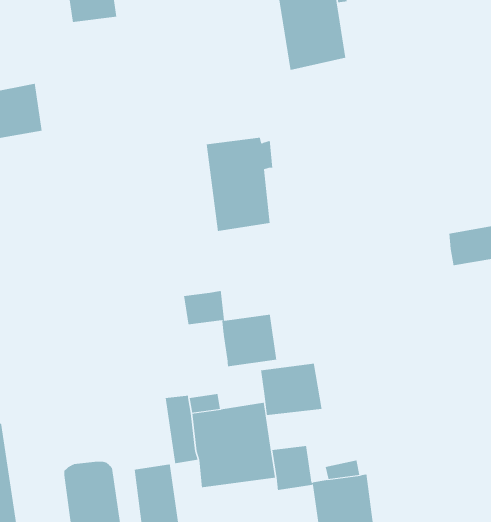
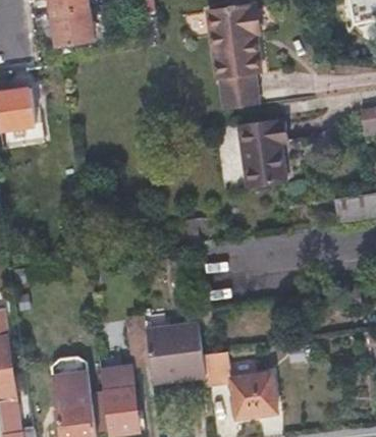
building: none -> [216,71,257,106]
building: [206,137,273,231] -> [236,118,285,186]
building: [183,290,277,367] -> none
building: [261,363,322,416] -> none

